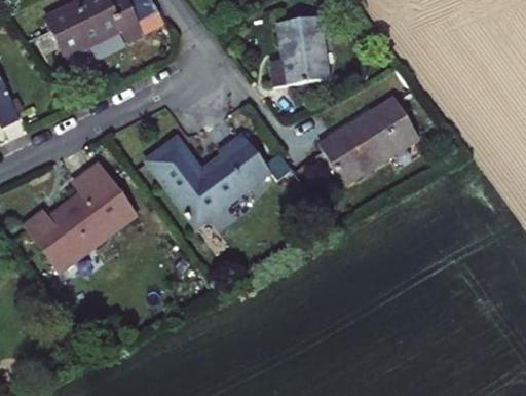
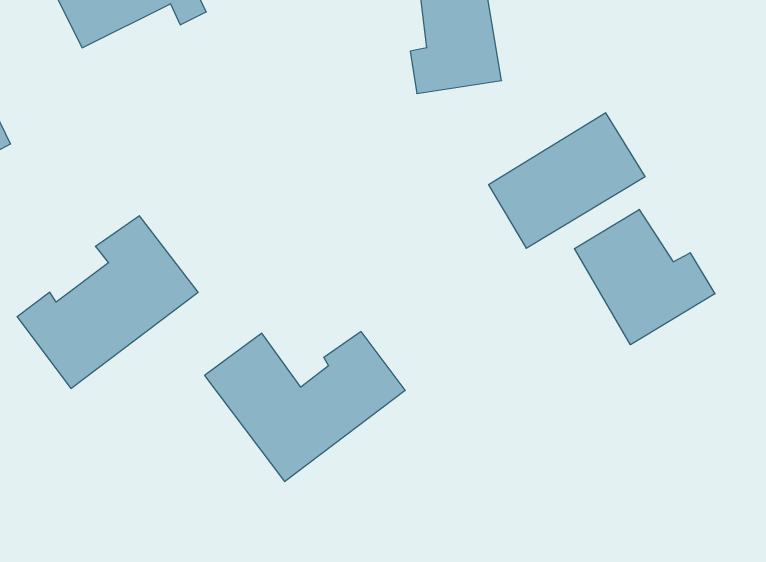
building: [144,134,270,228] -> [205,332,405,482]
building: none -> [574,209,715,345]

